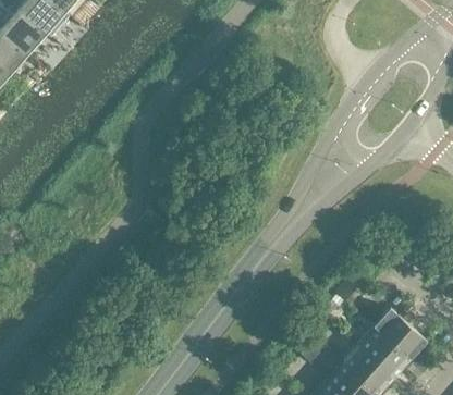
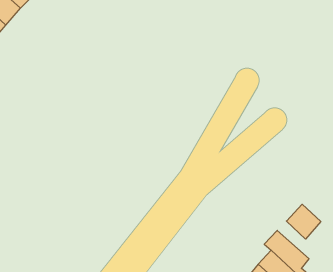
building: none -> [286,204,321,239]

